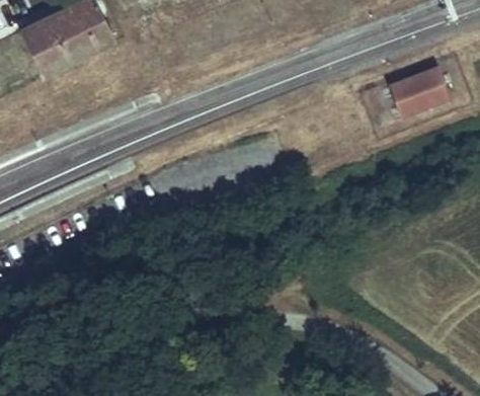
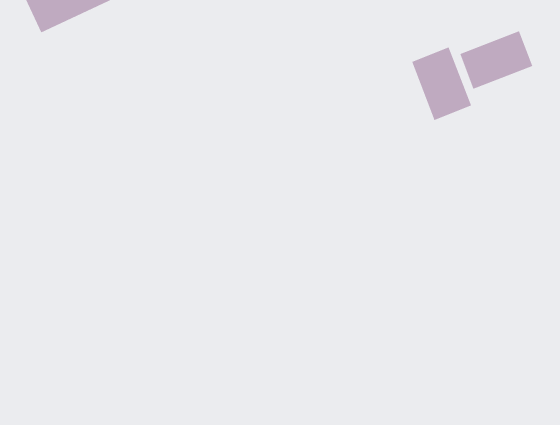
building: none -> [411,47,472,121]

